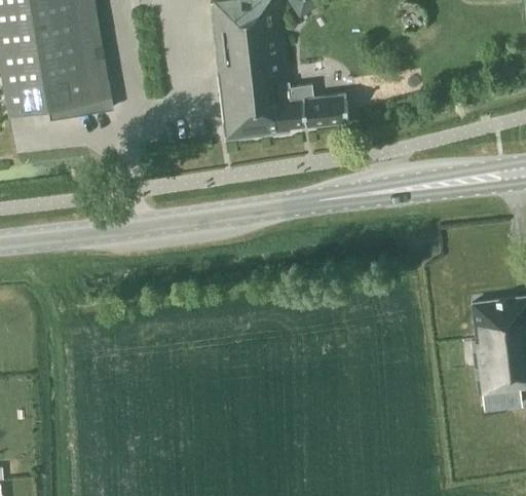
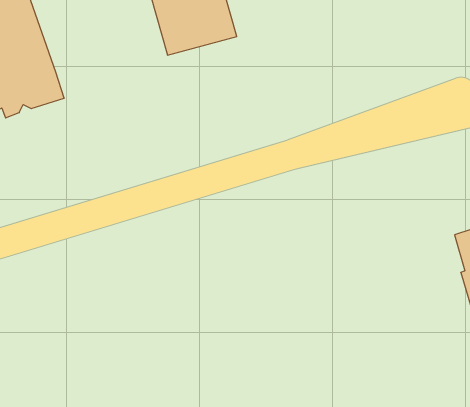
building: [220,75,352,139] -> none

